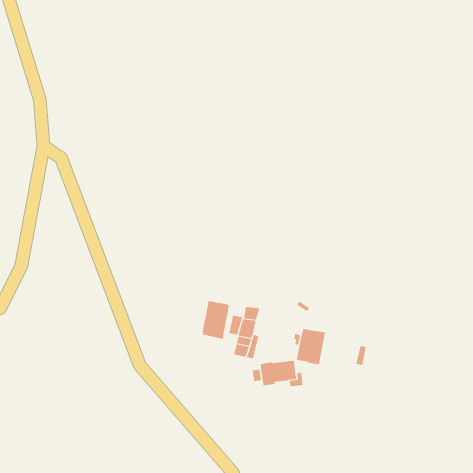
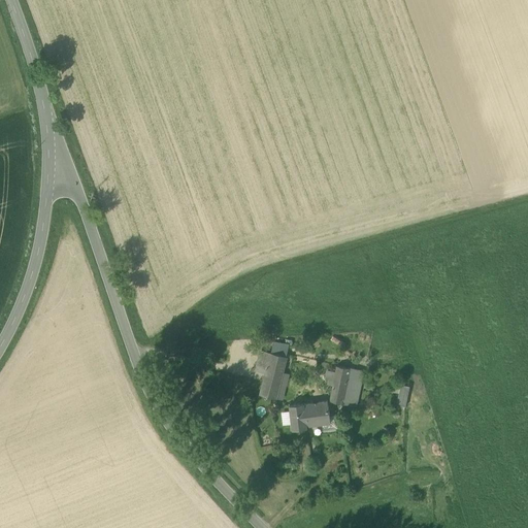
building: [202,300,230,340] -> none

